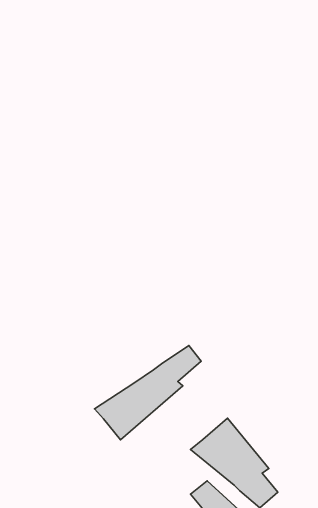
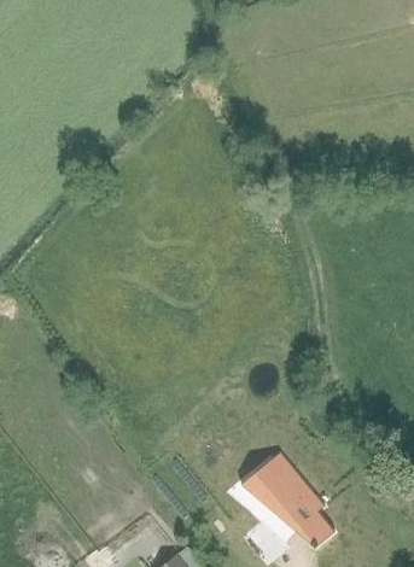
building: [94,346,201,440] -> none

